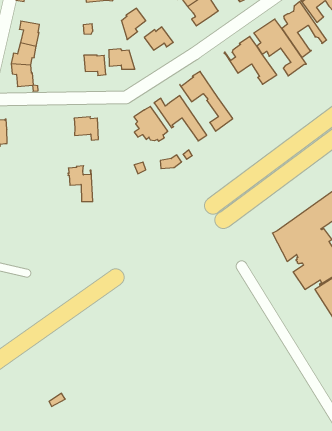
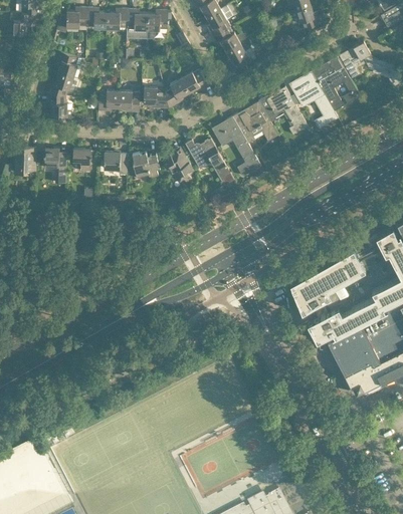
building: [121,8,146,40] -> [165,78,189,108]
building: none -> [233,101,278,144]
building: none -> [98,90,120,110]
building: none -> [133,153,161,181]
building: none -> [73,148,97,172]
building: [68,166,93,202] -> [44,148,67,184]

